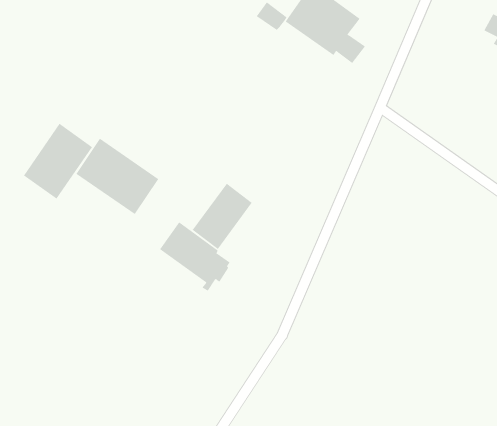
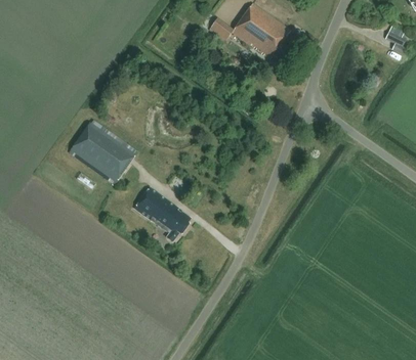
building: [23,123,93,200] -> none
building: [192,183,252,250] -> none

